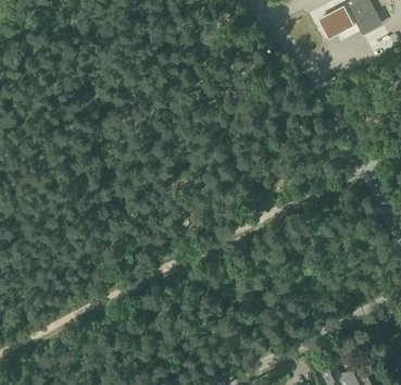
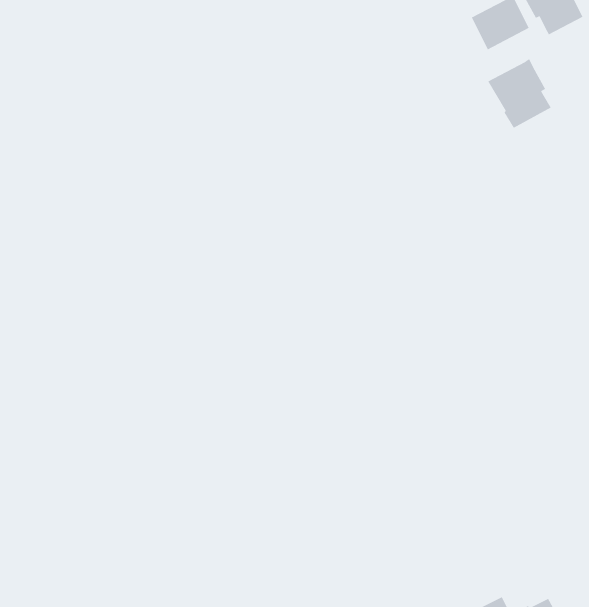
building: none -> [487,58,552,129]

